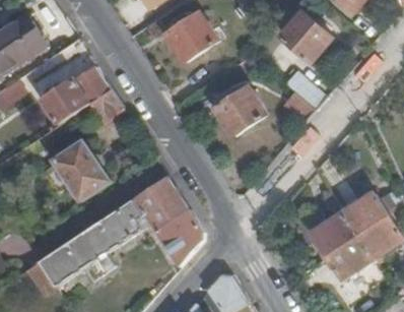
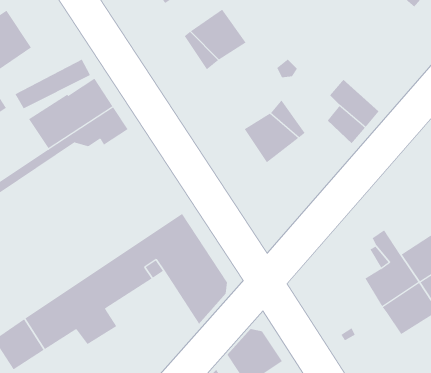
building: [282,11,332,61] -> none
building: [53,143,110,203] -> none

